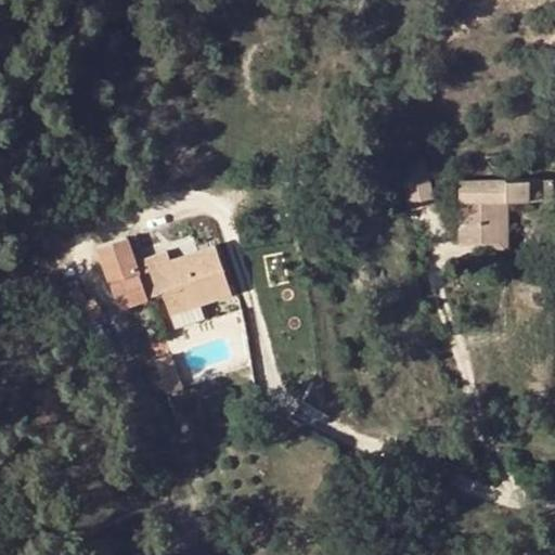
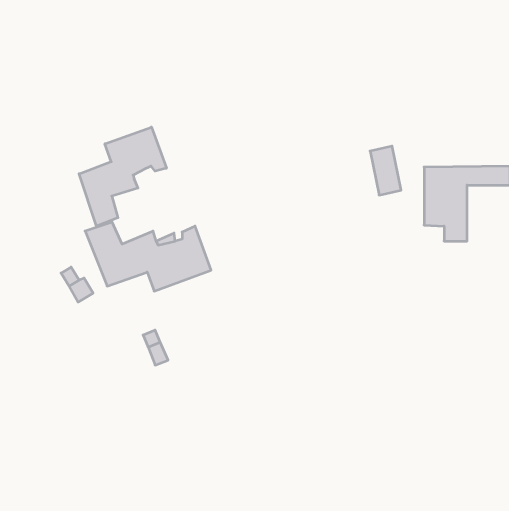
building: none -> [79,127,166,226]

